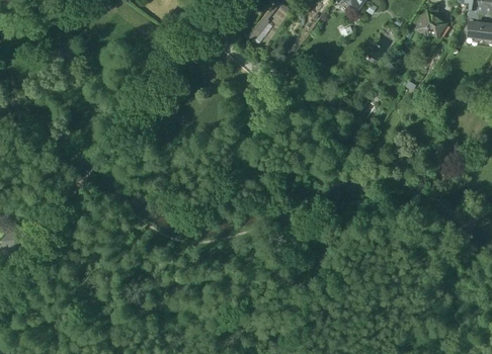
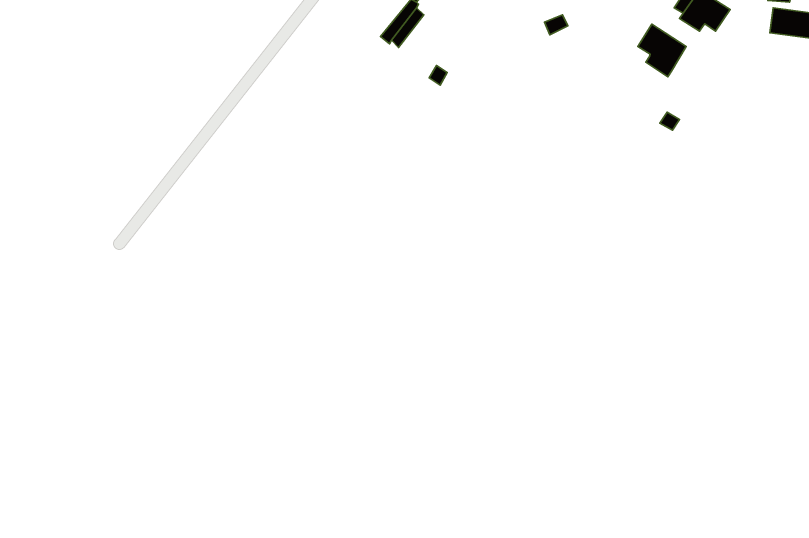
building: none -> [638,24,686,77]

